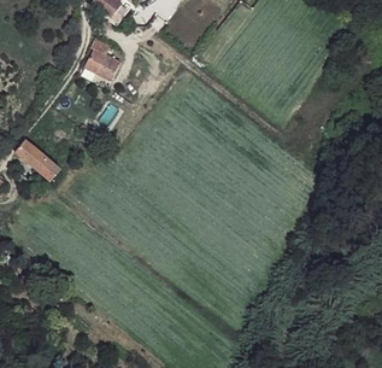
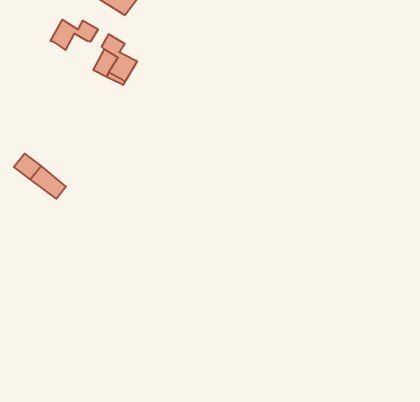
building: none -> [50,20,98,50]

